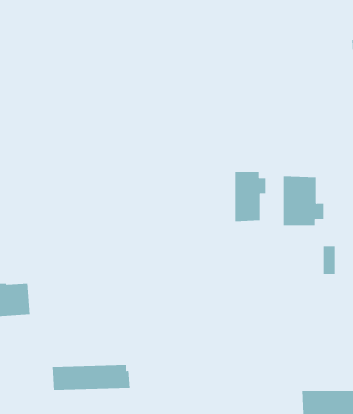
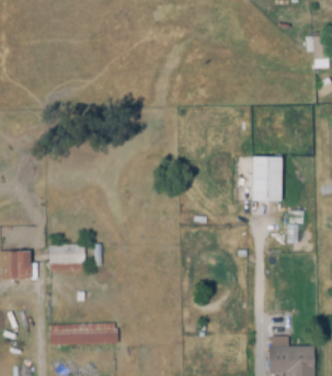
building: [235,171,266,222] -> none
building: none -> [49,244,84,272]

